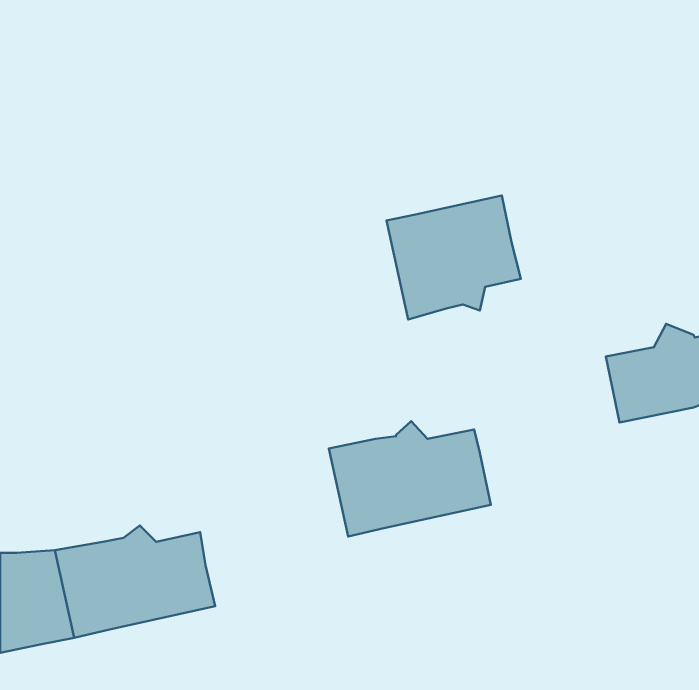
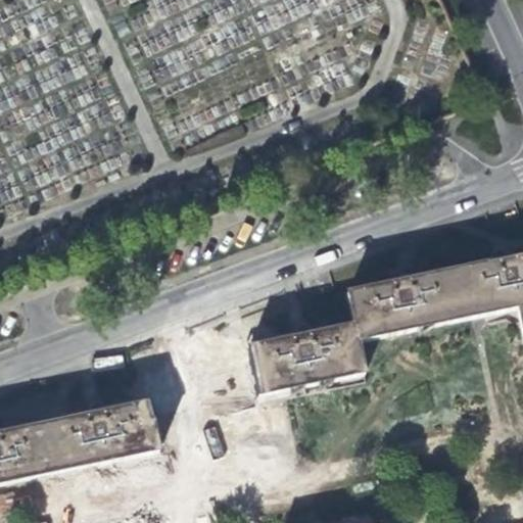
building: [386,195,521,320] -> none
building: none -> [348,263,463,337]

